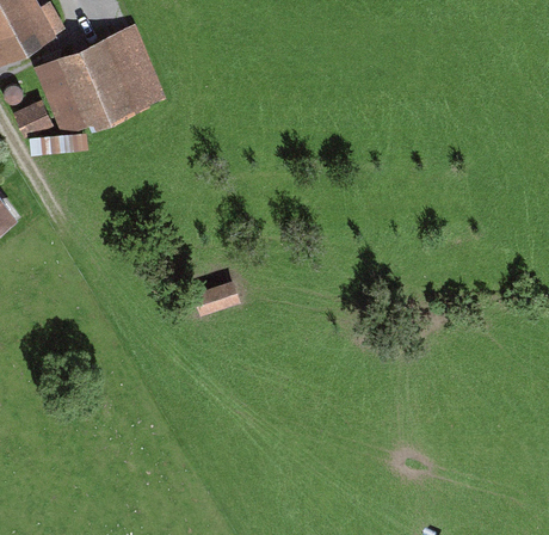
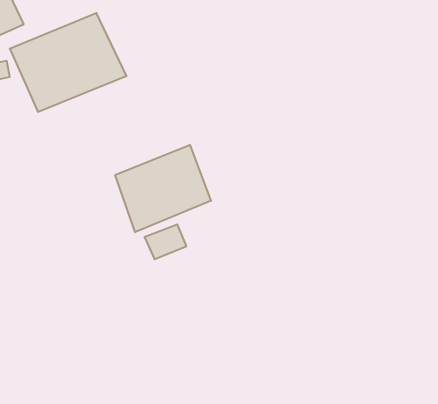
building: none -> [115,145,211,232]

